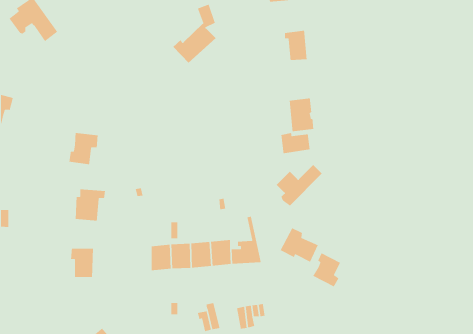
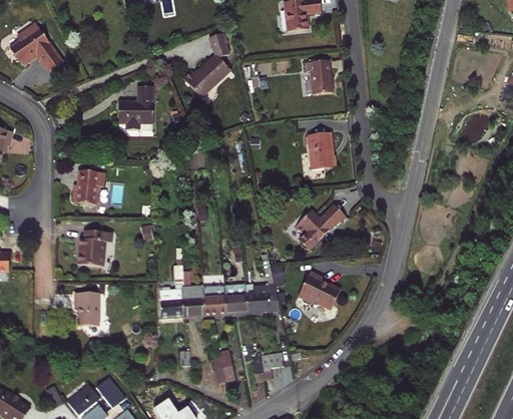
building: none -> [118,85,153,128]
building: [280,132,311,154] -> none
building: [312,252,341,288] -> none

